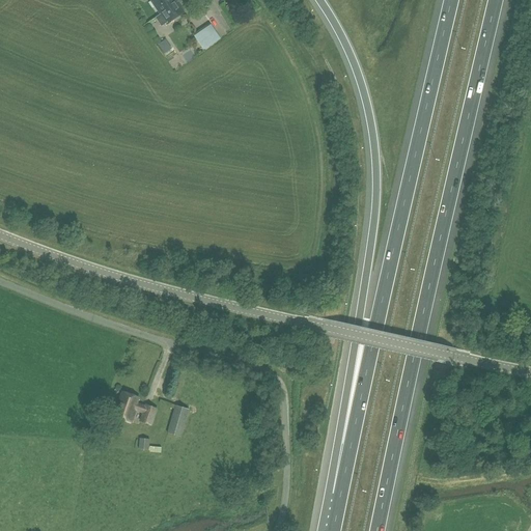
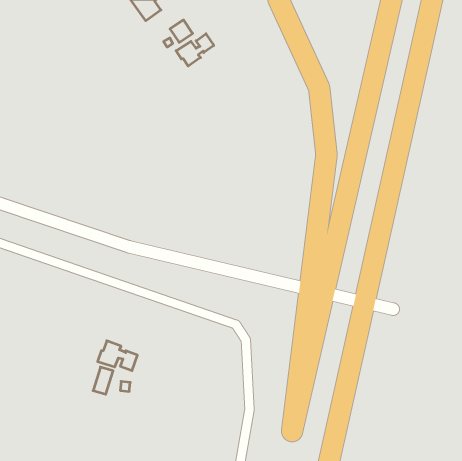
building: none -> [176,34,214,66]
building: [166,404,189,436] -> [93,367,113,394]

